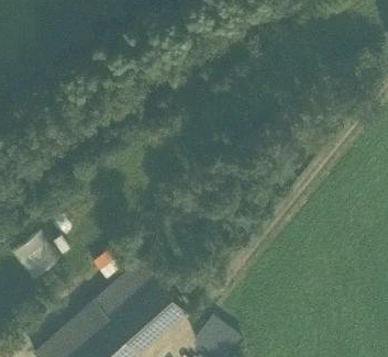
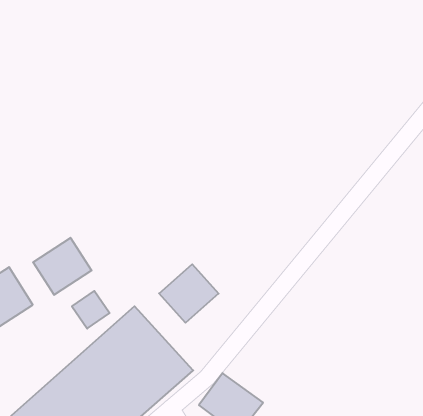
building: none -> [33,238,92,295]
building: none -> [159,264,219,323]

